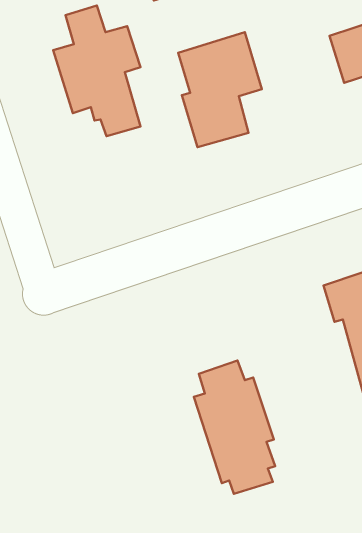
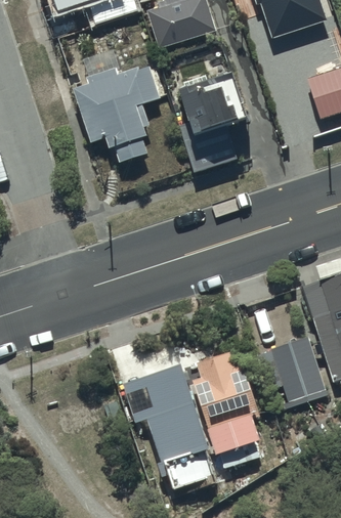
building: none -> [270,338,326,402]
building: none -> [123,363,216,487]

